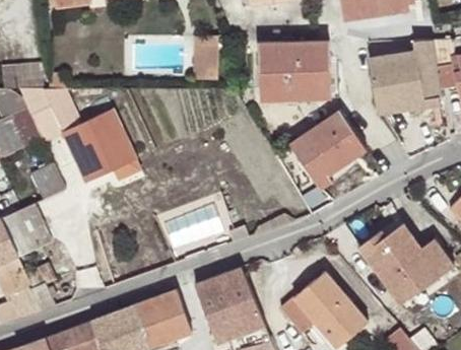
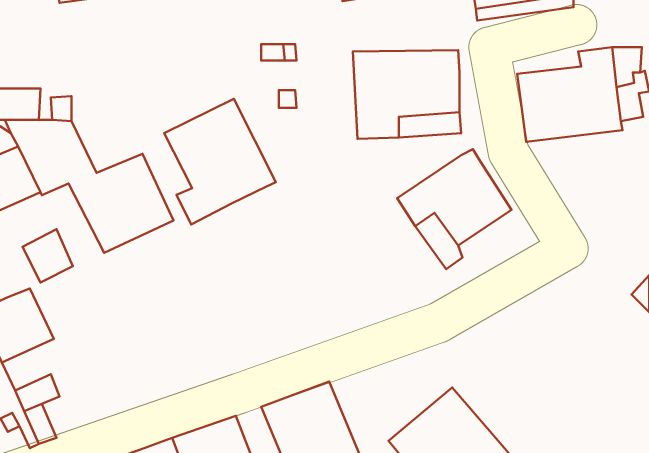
building: none -> [164,99,276,224]
building: [358,223,454,303] -> none

